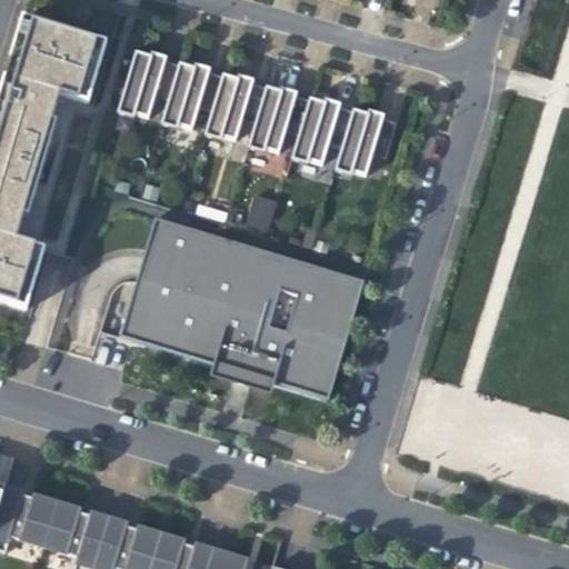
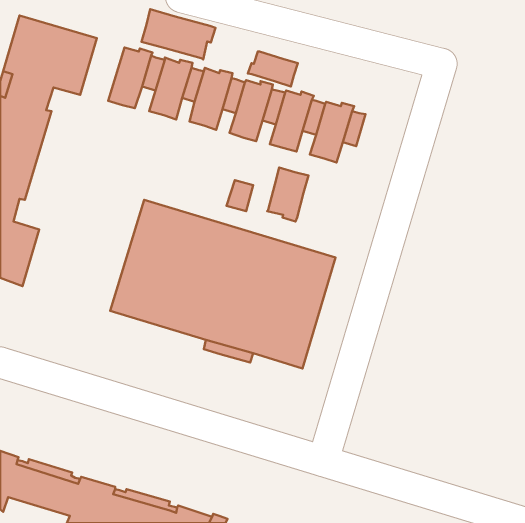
building: none -> [142,9,215,60]
building: none -> [248,51,298,86]
building: none -> [267,168,308,221]

